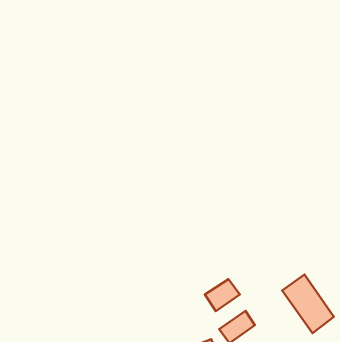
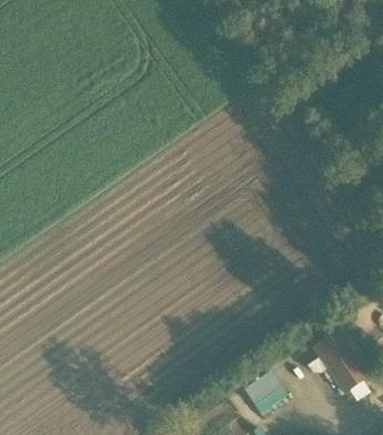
building: [205,279,240,311] -> none

